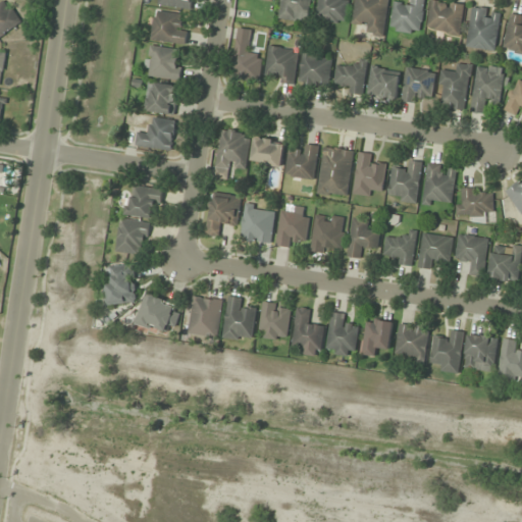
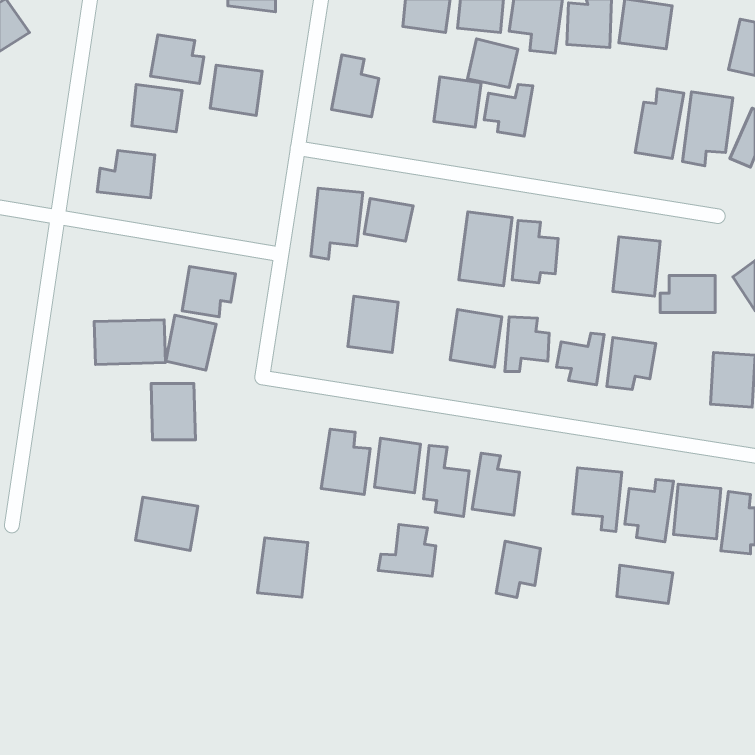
building: [465,6,500,50] -> none
building: [150,10,187,44] -> [151,35,204,84]
building: [264,45,298,79] -> none
building: [366,65,401,99] -> [468,39,518,88]
building: [401,67,434,103] -> none
building: [144,82,178,114] -> [132,84,182,132]
building: [135,116,174,149] -> [97,150,155,198]
building: [284,143,318,178] -> none
building: [387,160,421,201] -> none
building: [205,193,241,234] -> none
building: [275,210,309,247] -> none
building: none -> [94,320,165,364]
building: [454,233,487,276] -> none
building: [137,296,179,332] -> [136,497,198,551]
building: [187,296,221,336] -> [258,538,308,597]
building: [361,317,392,356] -> [496,541,541,597]
building: none -> [378,525,436,576]
building: none -> [617,565,673,604]

